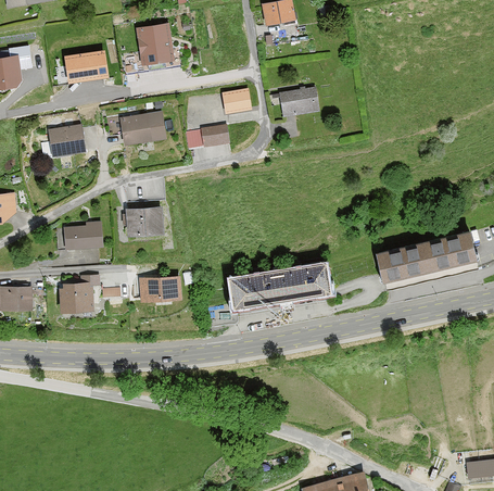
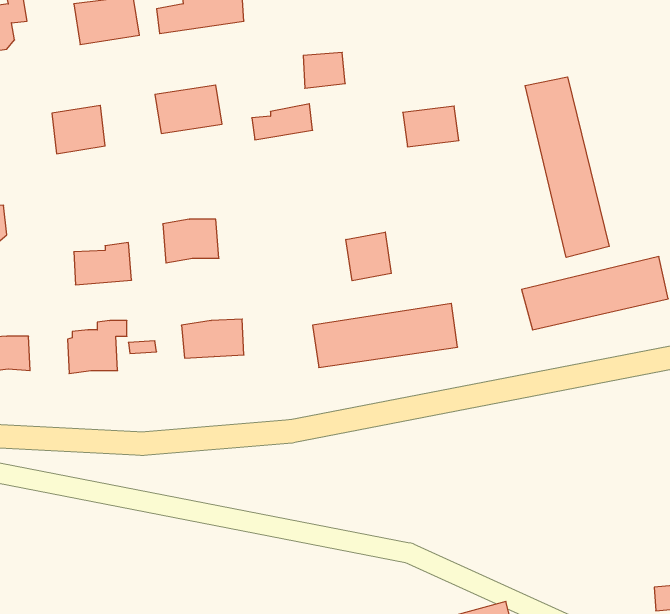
building: [279,89,318,117] -> [403,106,459,147]
building: none -> [525,77,609,257]
building: none -> [346,232,391,281]

